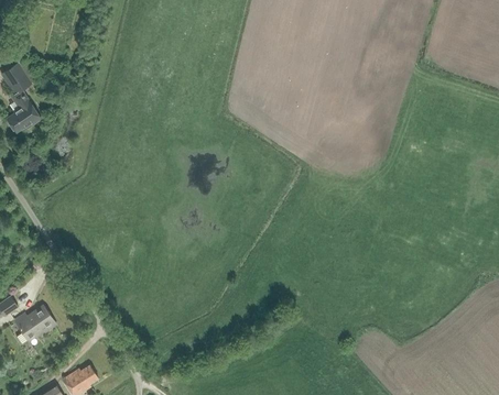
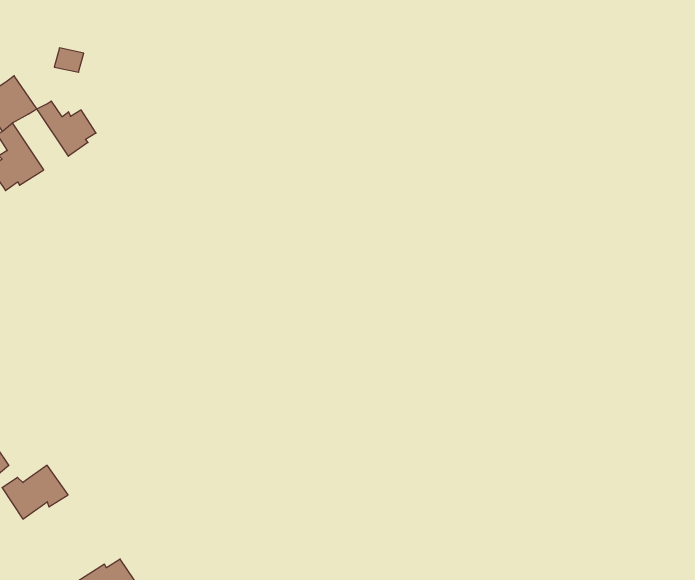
building: none -> [37,101,96,156]

